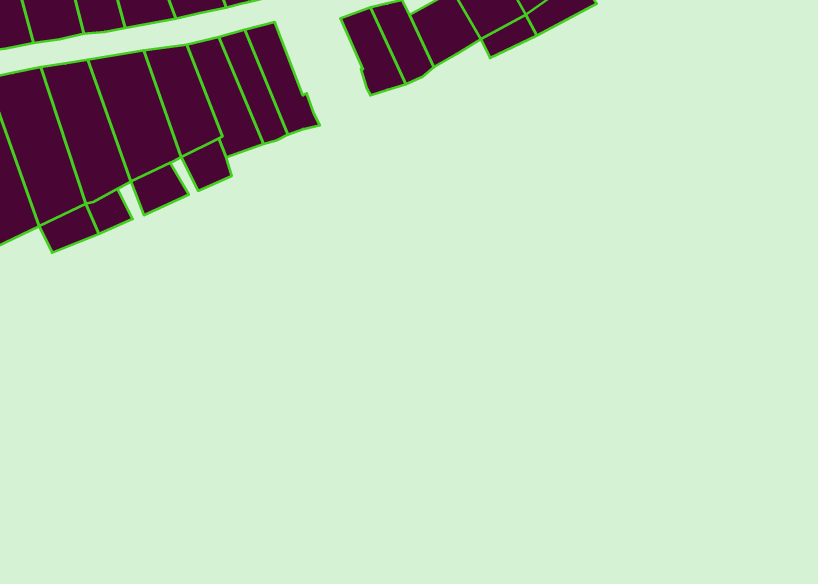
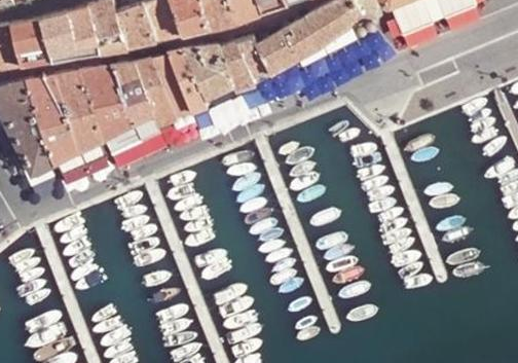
building: none -> [183,45,233,100]

